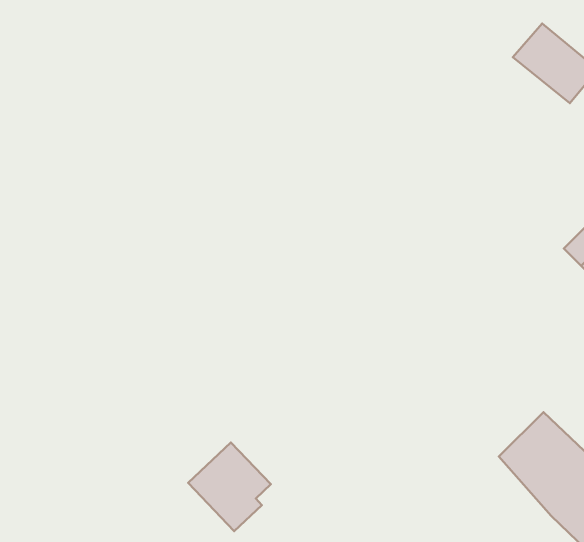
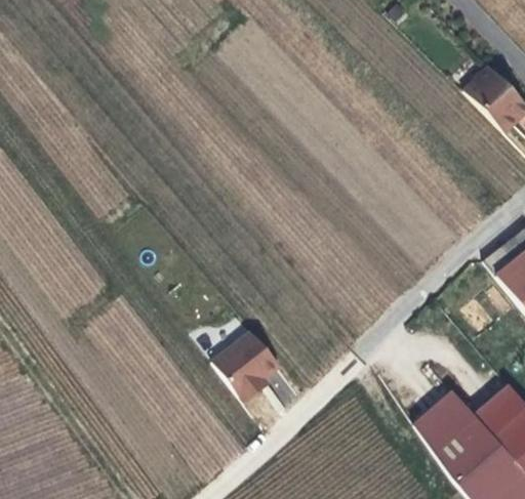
building: [188,443,271,531] -> [216,333,283,405]

